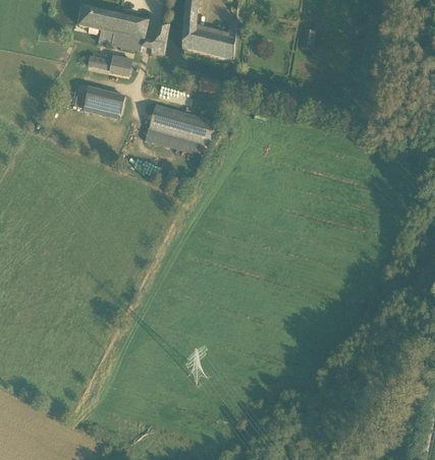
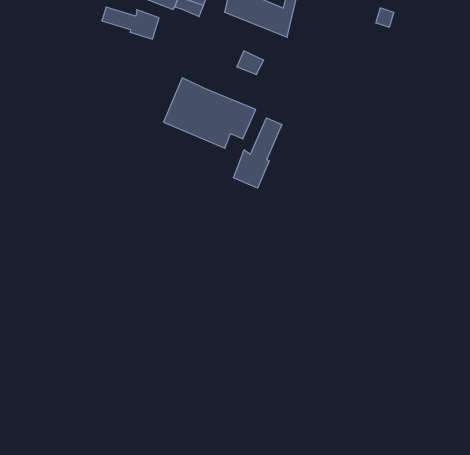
building: [85,87,124,113] -> none
building: none -> [233,118,282,188]

